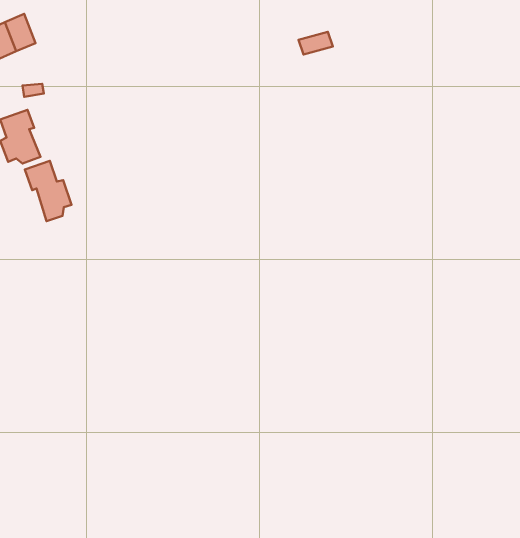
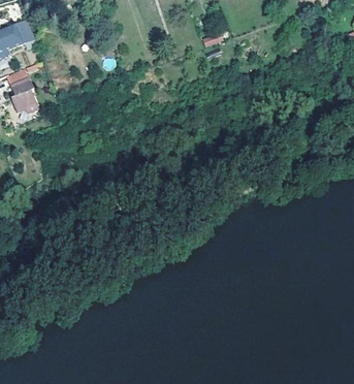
building: [25,161,71,221] -> none

